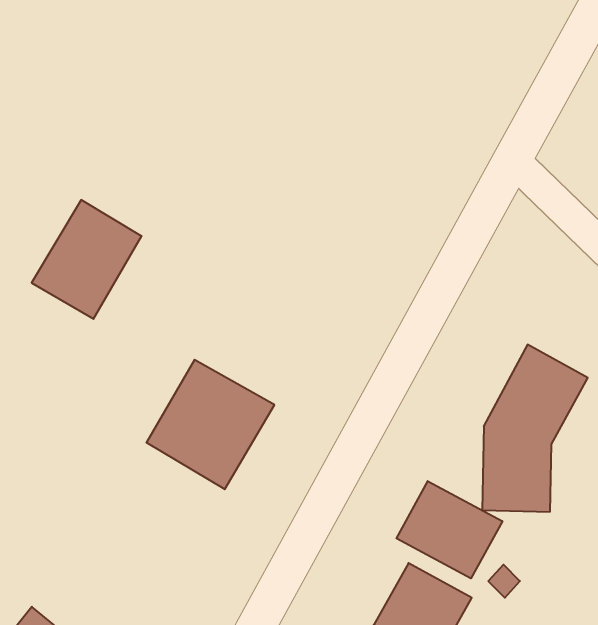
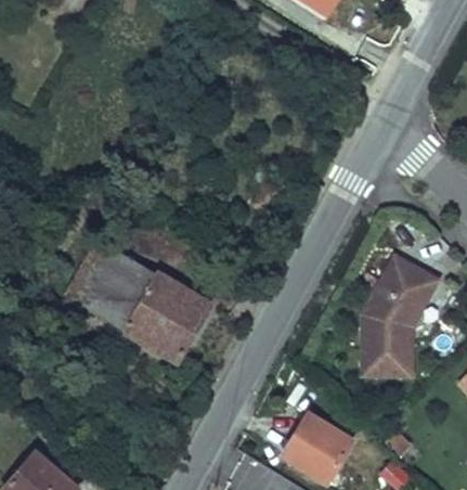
building: [32,200,142,319] -> [76,242,155,327]
building: [396,481,502,578] -> none

